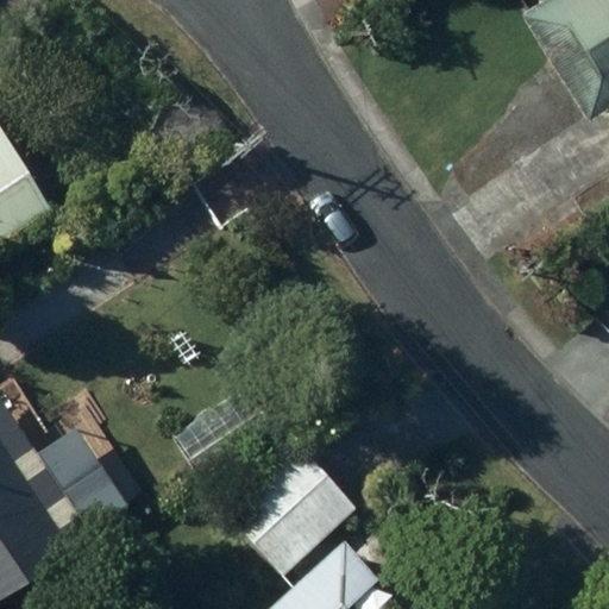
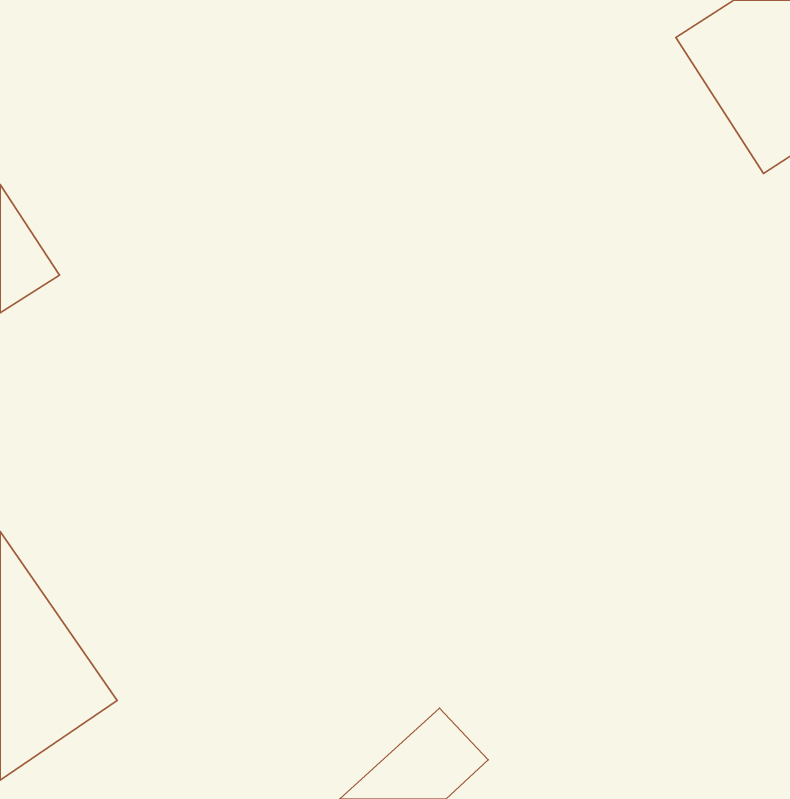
building: [225,444,358,577] -> none

